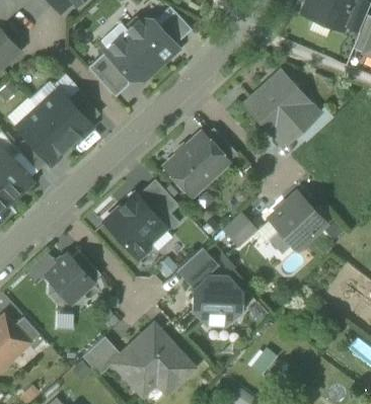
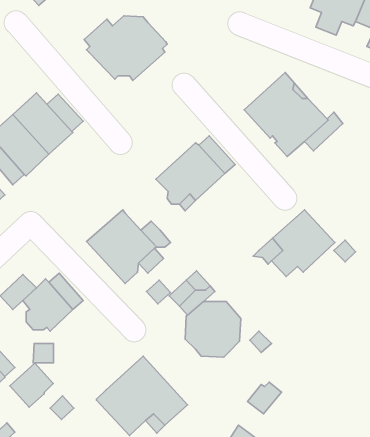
building: [158,11,191,44] -> none
building: [89,53,129,96] -> none
building: [138,180,177,212] -> none
building: [222,212,257,247] -> none
building: [82,336,121,376] -> [10,363,53,407]

